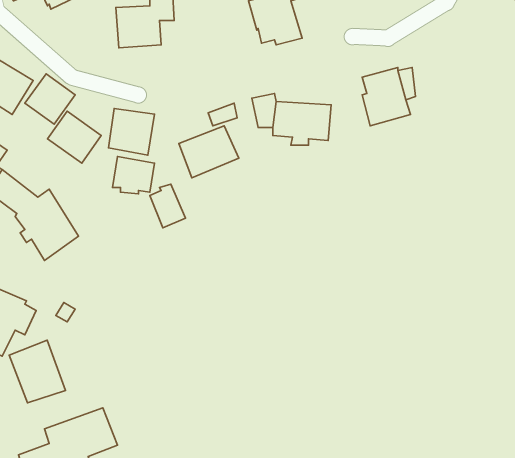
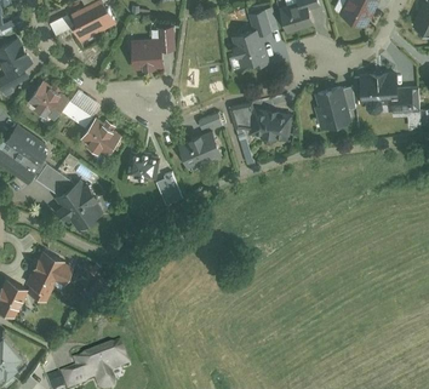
building: none -> [358,71,419,127]
building: [109,108,155,155] -> none
building: [9,340,65,403] -> none

